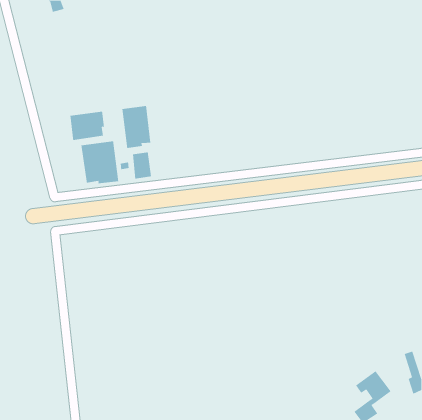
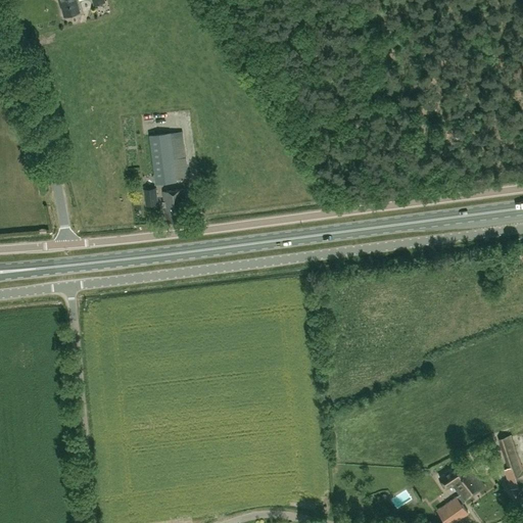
building: [70,111,104,141] -> none
building: [81,141,119,184] -> none

